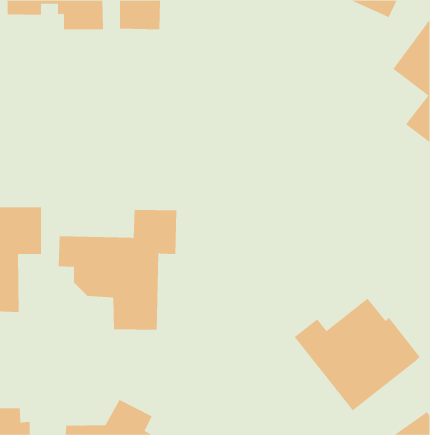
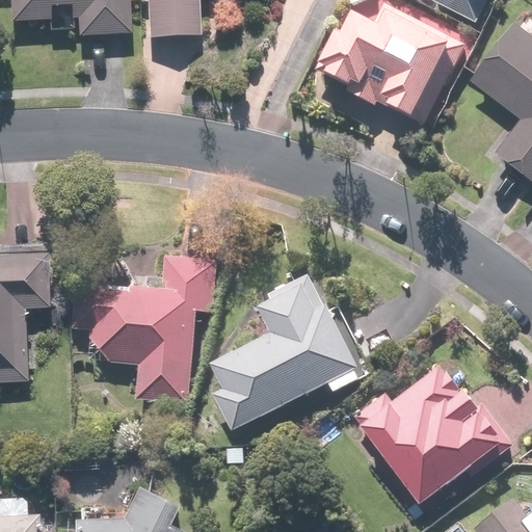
building: none -> [315,5,455,124]
building: none -> [210,275,368,430]

